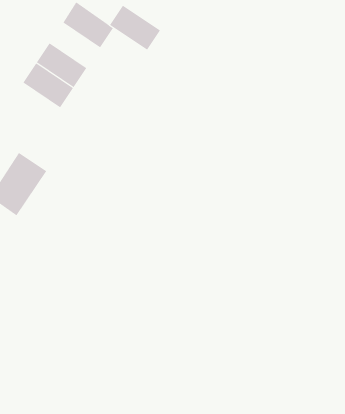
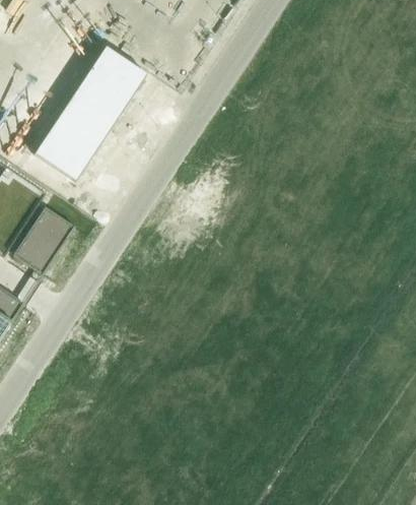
building: [109,5,161,51] -> [77,66,132,115]
building: none -> [34,130,89,179]

